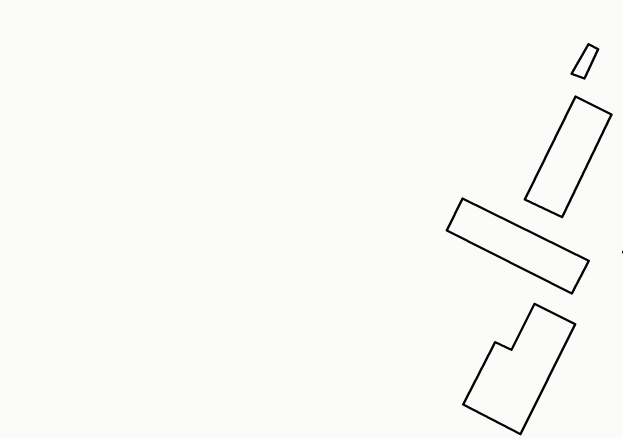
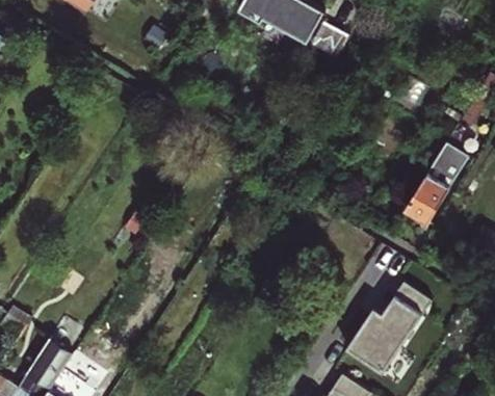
building: [447,199,589,294] -> none

